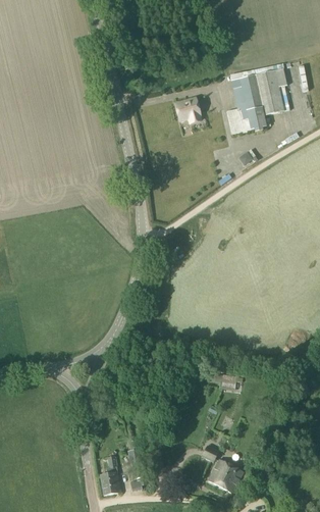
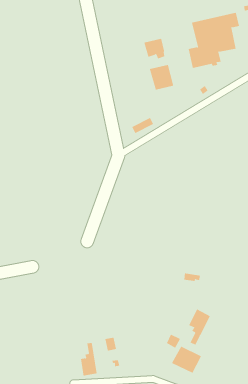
building: none -> [149,64,174,91]
building: none -> [189,309,210,346]

